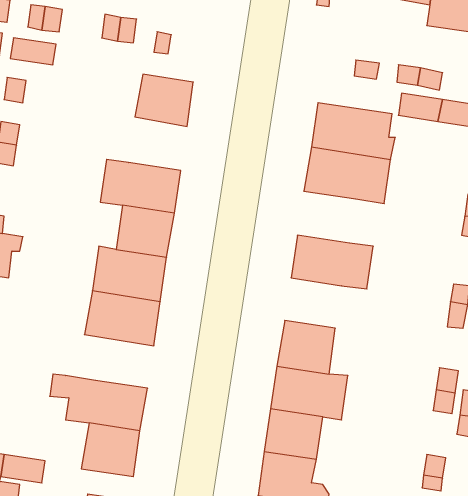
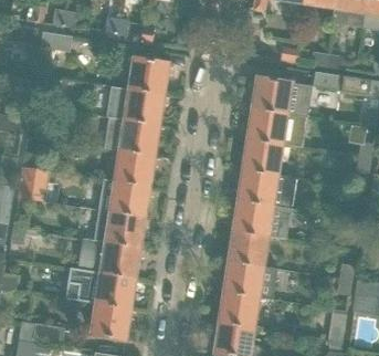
building: none -> [106,85,164,125]
building: none -> [241,139,282,176]
building: none -> [232,200,291,239]
building: none -> [78,239,140,278]

